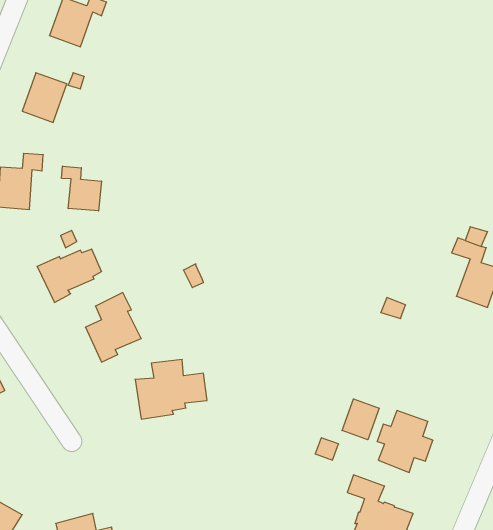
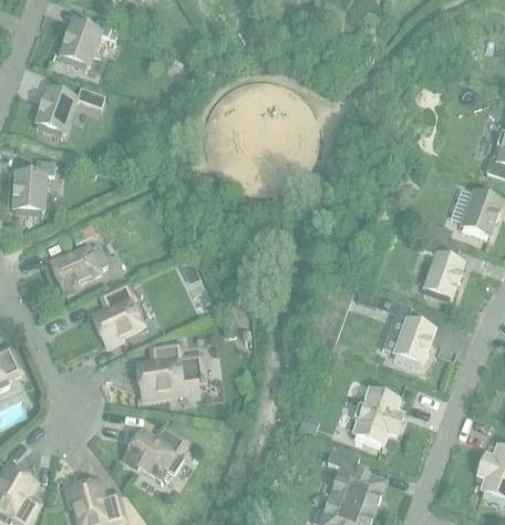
building: [62,166,101,211] -> none
building: none -> [381,315,434,362]
building: [342,399,379,440] -> none
building: none -> [123,426,185,476]

